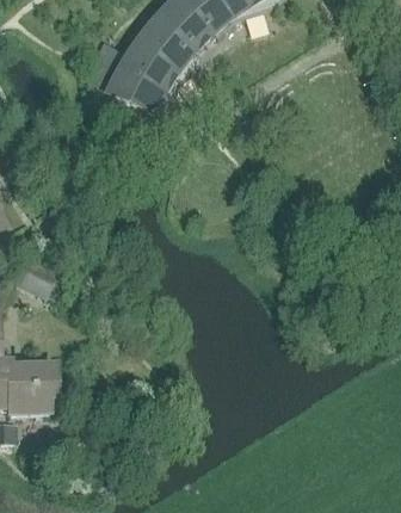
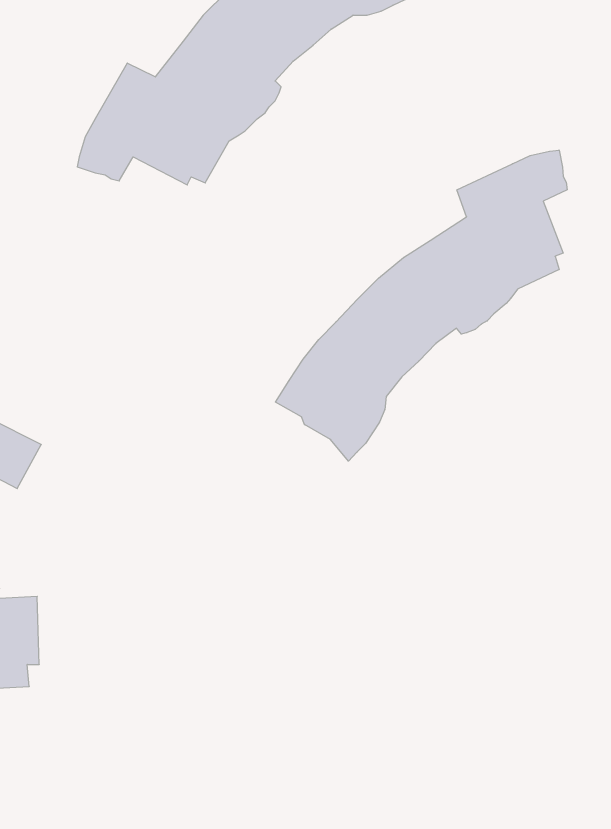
building: none -> [275,150,567,461]

